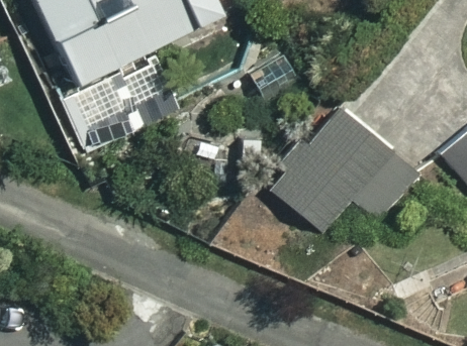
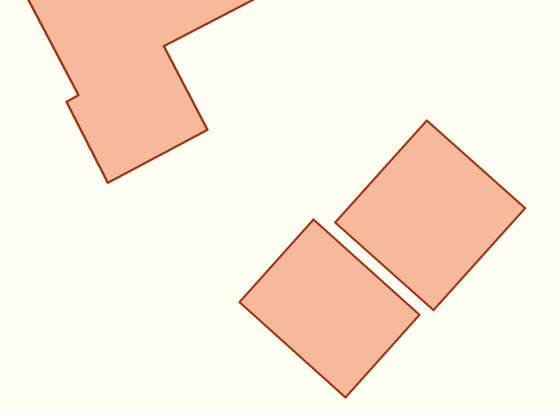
building: none -> [240,220,420,397]

